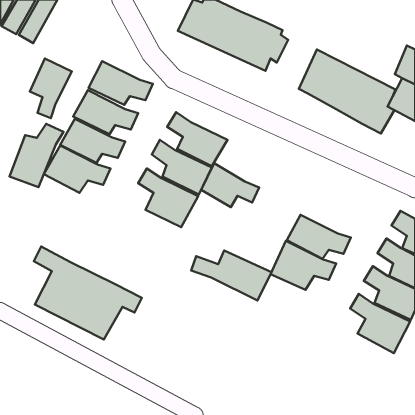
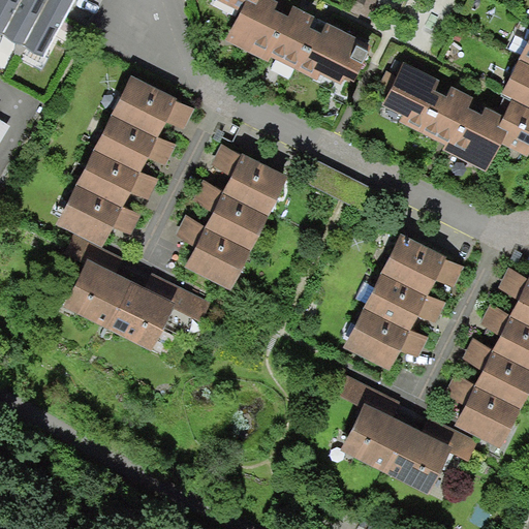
building: [30,58,72,118] -> none
building: [9,124,64,187] -> none
building: [201,163,259,207] -> none
building: none -> [383,236,466,292]
building: [34,247,142,339] -> [64,232,201,350]
building: [191,250,271,301] -> none
building: none -> [341,375,477,492]

